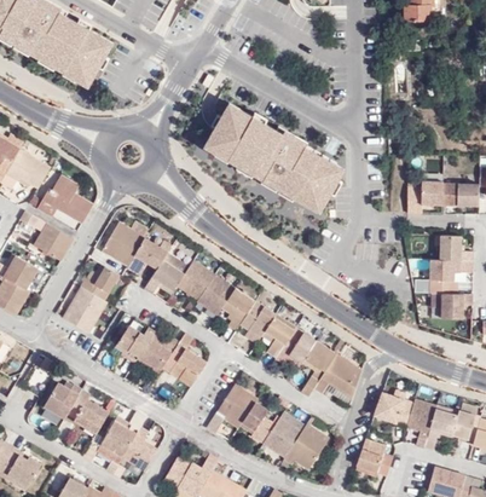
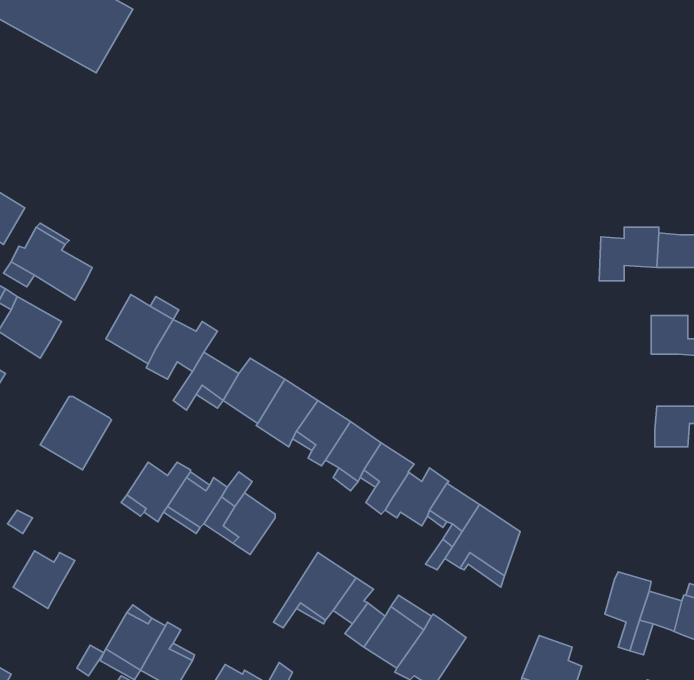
building: [204,104,343,209] -> none
building: [434,259,458,293] -> none
building: [79,265,117,300] -> none
building: [70,389,106,437] -> none
building: [378,392,418,423] -> none

